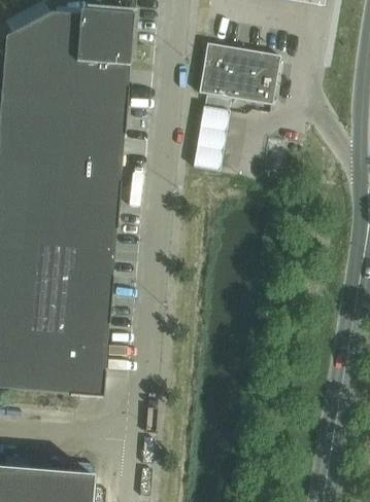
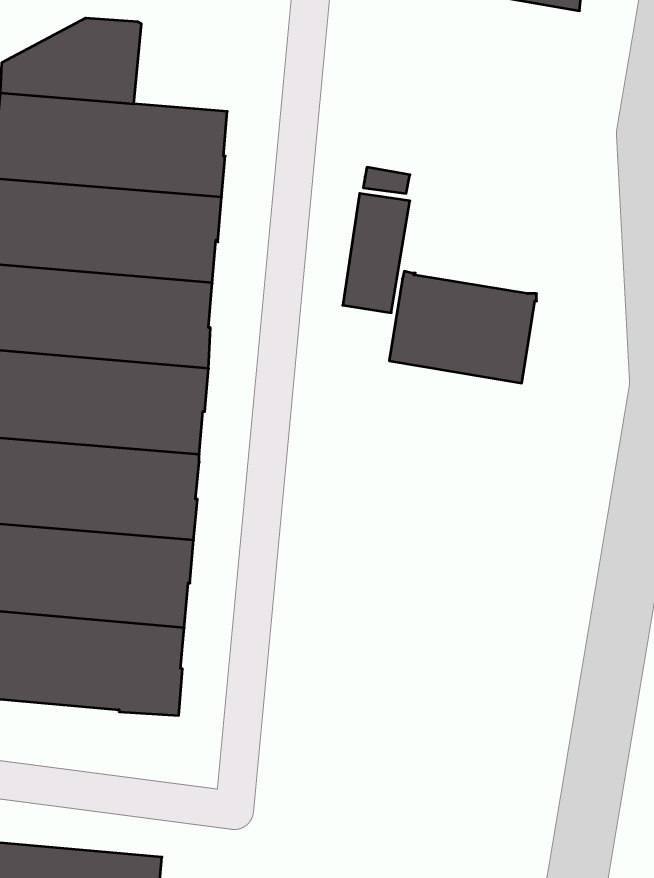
building: [77,8,133,62] -> none
building: [198,40,279,102] -> [389,271,537,383]

